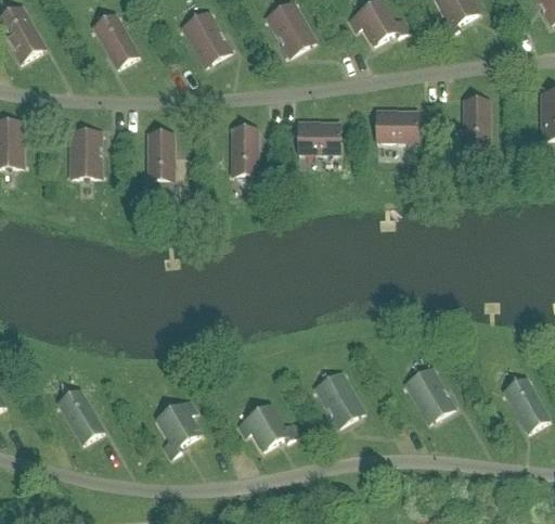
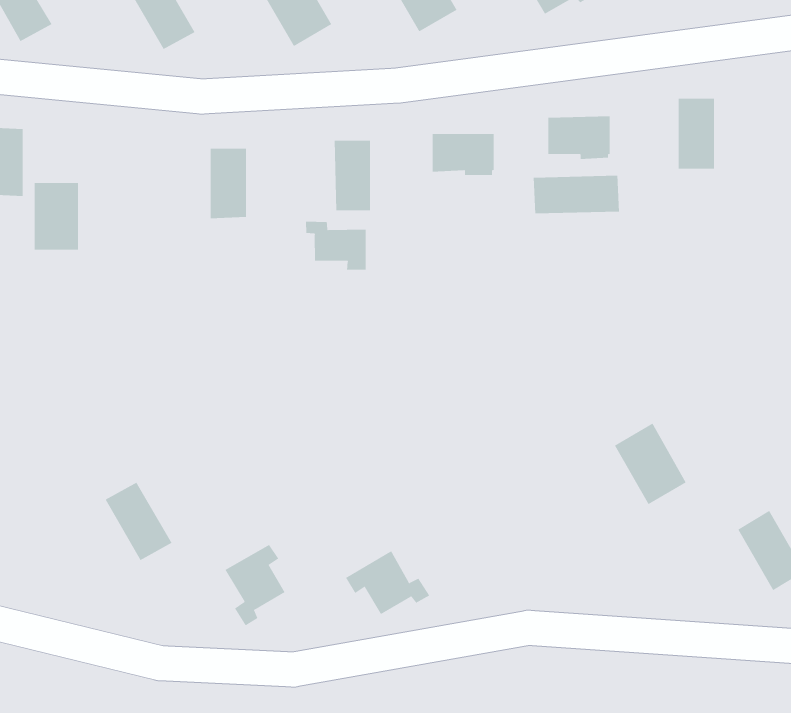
building: [69,129,100,175] -> [34,183,79,250]
building: none -> [533,175,620,214]
building: none -> [305,221,366,271]
building: [404,366,453,421] -> [614,423,687,505]
building: [314,370,363,425] -> none
building: [57,388,103,442] -> [105,482,172,561]

